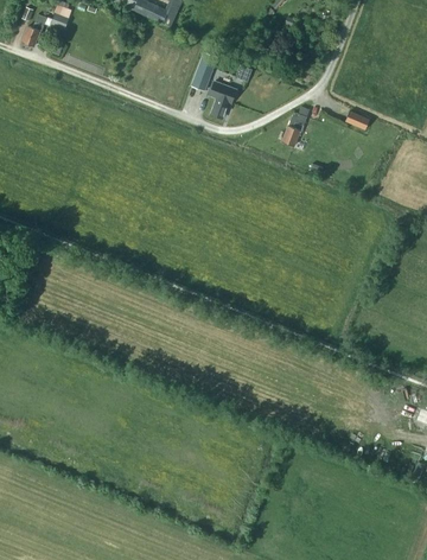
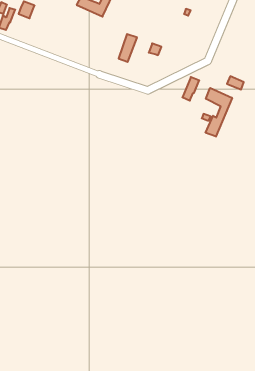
building: [210,81,237,117] -> none
building: none -> [206,88,232,137]

